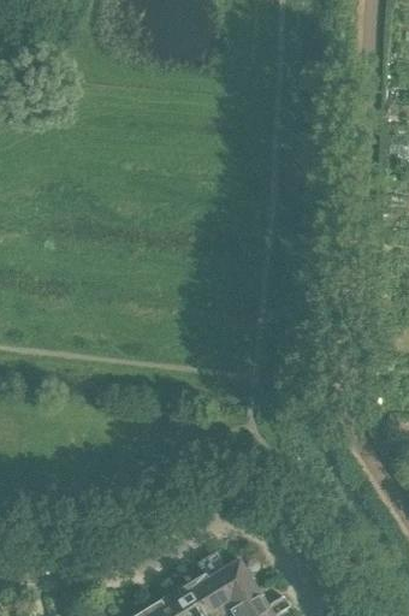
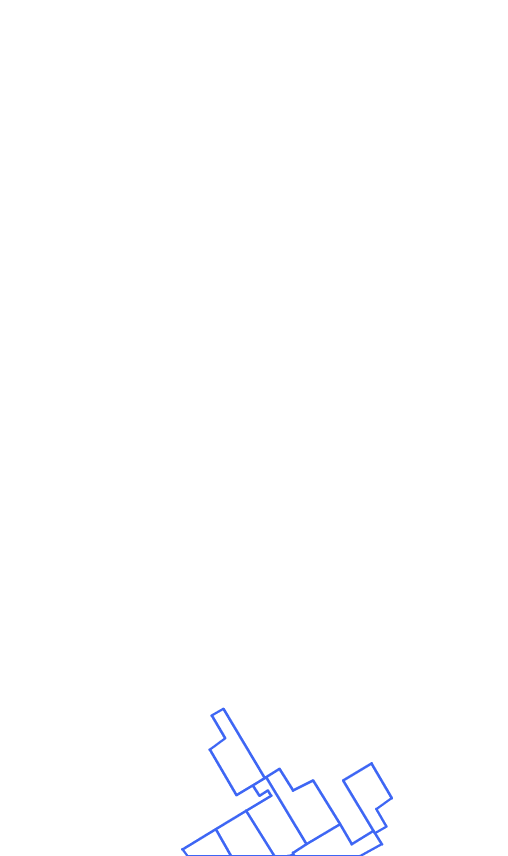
building: none -> [210,709,265,795]
building: none -> [343,763,392,833]

